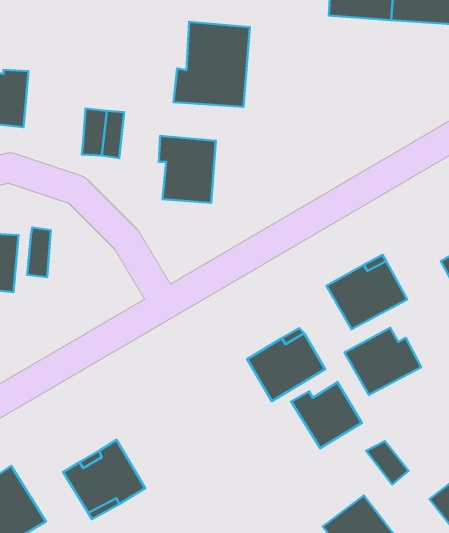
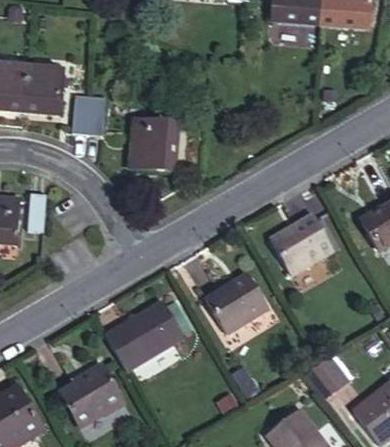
building: [173,22,250,107] -> none
building: none -> [25,66,66,114]
building: [345,328,421,395] -> none
building: none -> [105,301,184,371]
building: [291,382,362,448] -> none

